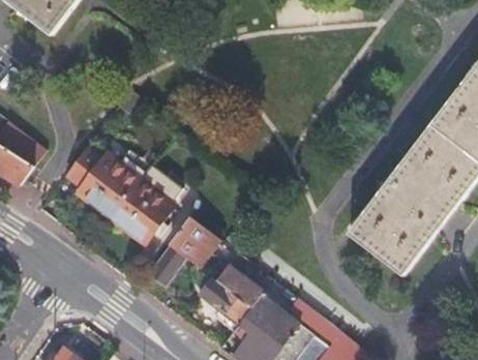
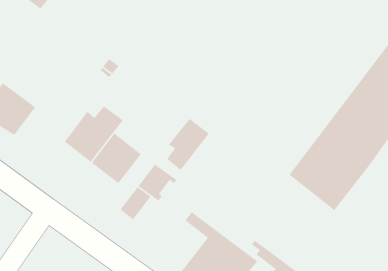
building: [63,143,109,192] -> none
building: none -> [166,118,210,171]
building: [199,278,251,332] -> none

